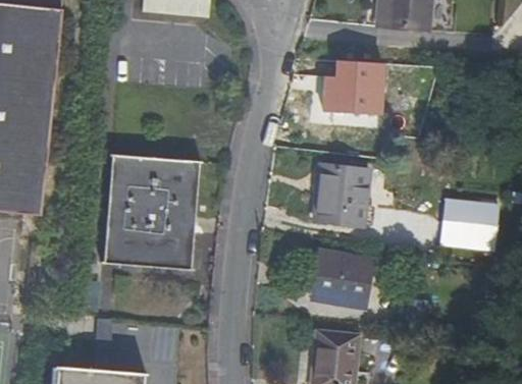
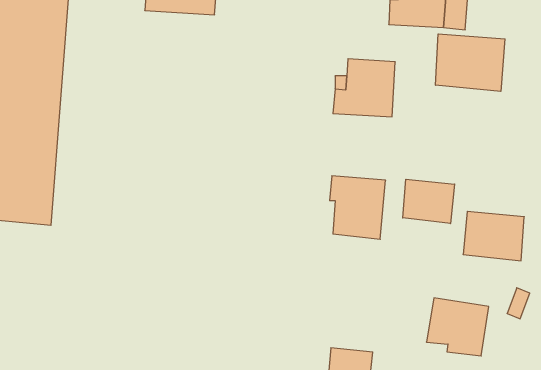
building: none -> [436,34,505,91]
building: [103,156,200,270] -> none
building: none -> [403,179,455,224]
building: [314,253,373,308] -> [426,298,489,356]

